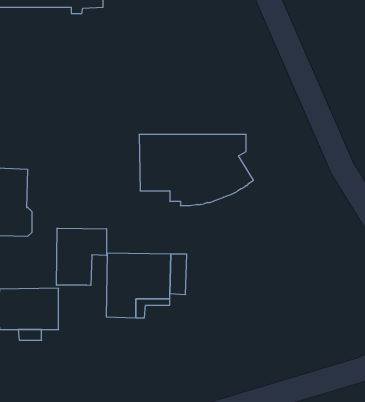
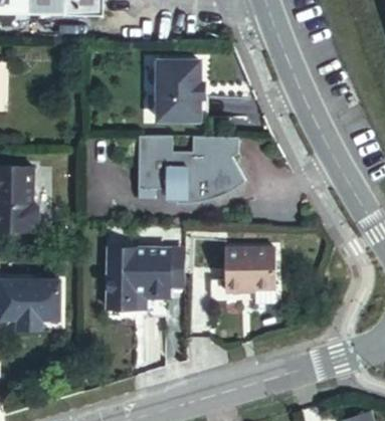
building: none -> [161,59,202,118]
building: [56,228,107,285] -> none
building: none -> [224,245,275,289]

